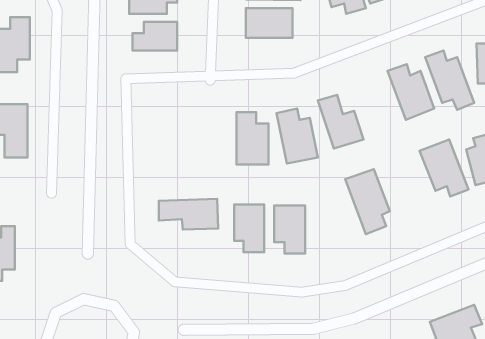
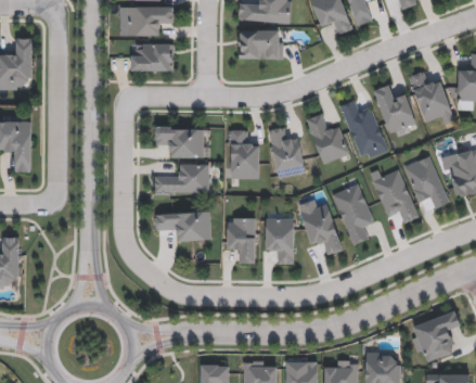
building: none -> [339,99,387,161]
building: none -> [155,126,204,156]
building: none -> [154,163,208,192]
building: none -> [370,167,416,224]
building: none -> [298,199,342,254]

